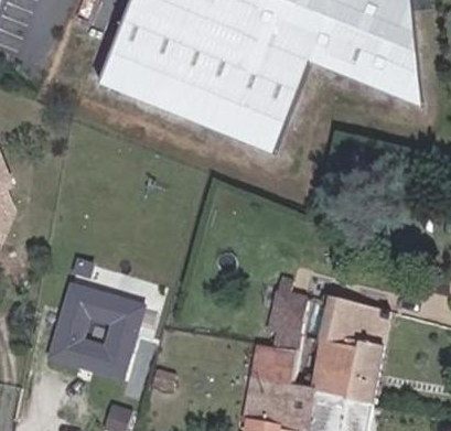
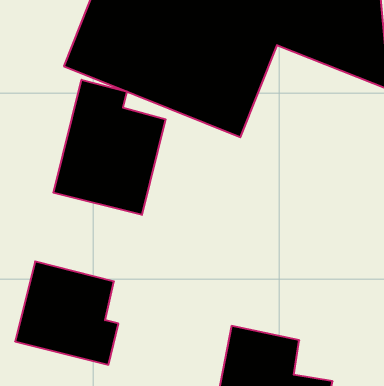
building: none -> [53,80,166,215]
building: [255,266,382,397] -> none

